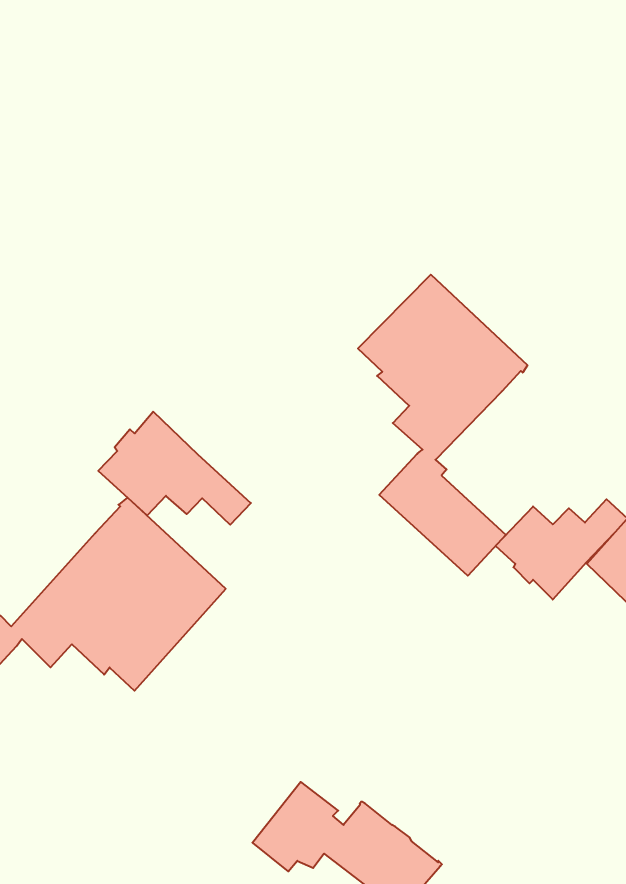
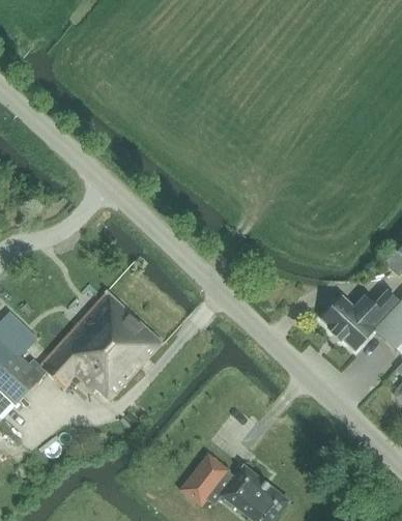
building: [358,275,527,576] -> none
building: [98,412,251,525] -> none

